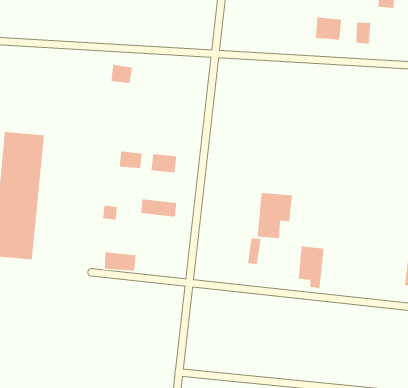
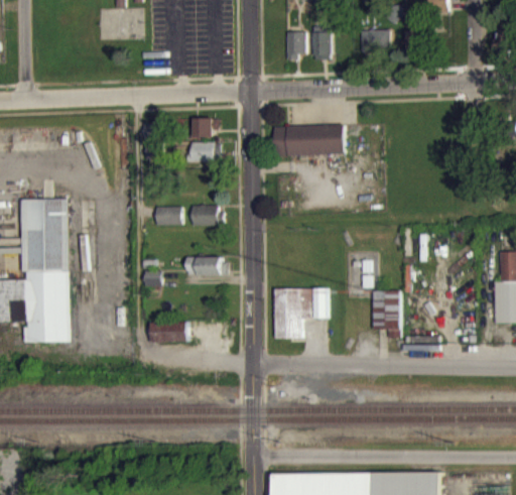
building: none -> [312,26,331,60]
building: none -> [286,32,306,60]
building: [111,64,133,84] -> [192,118,216,138]
building: none -> [273,125,344,156]
building: none -> [190,142,220,162]
building: [257,192,293,239] -> [273,288,309,341]

